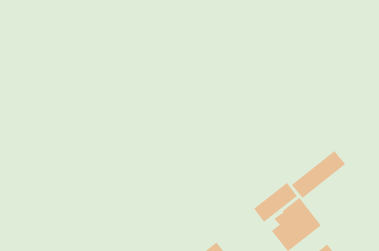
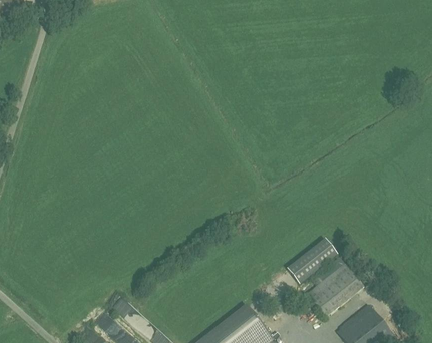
building: [291,150,346,199] -> none

